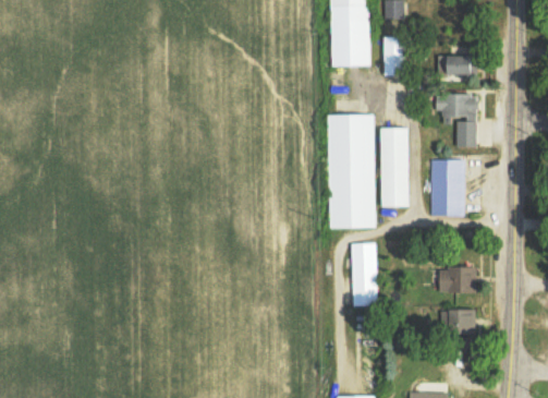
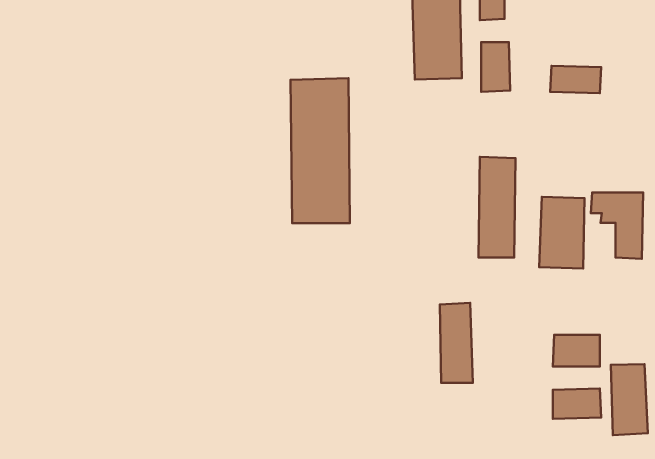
building: [437,94,478,146] -> [591,193,643,259]
building: [328,113,375,228] -> [291,78,350,223]
building: none -> [611,364,648,435]

